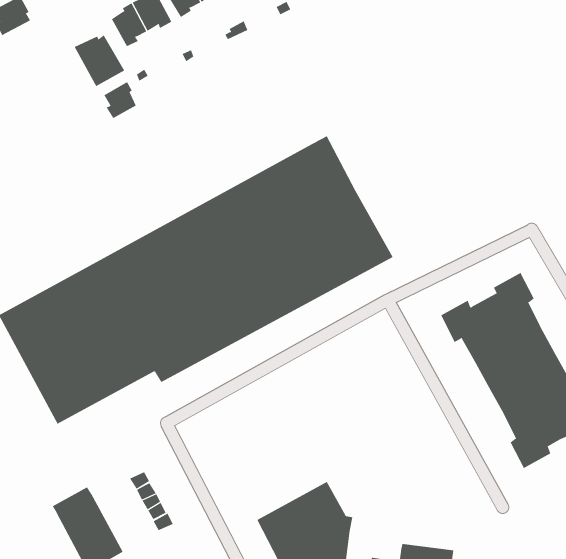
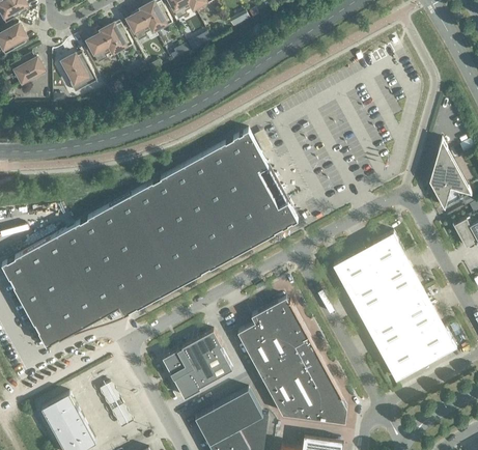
building: none -> [9,55,46,84]
building: [103,81,137,119] -> none
building: none -> [236,298,346,424]
building: none -> [162,332,232,399]

